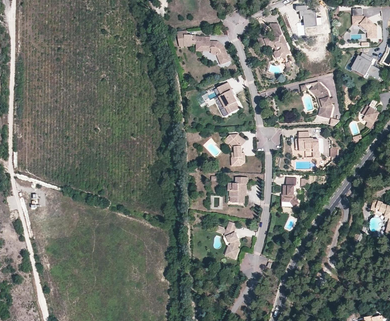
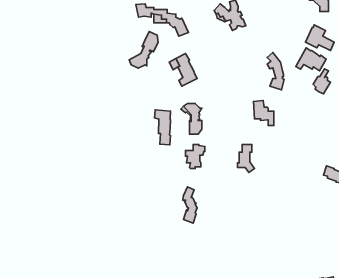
building: none -> [129,31,158,68]
building: none -> [296,48,326,71]
building: none -> [155,110,171,145]

